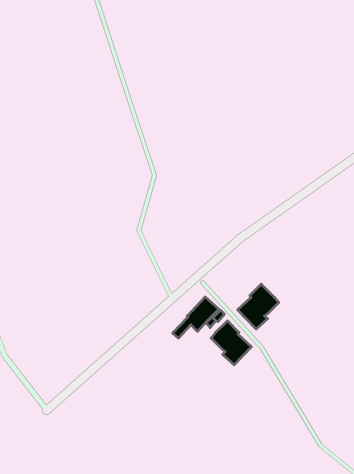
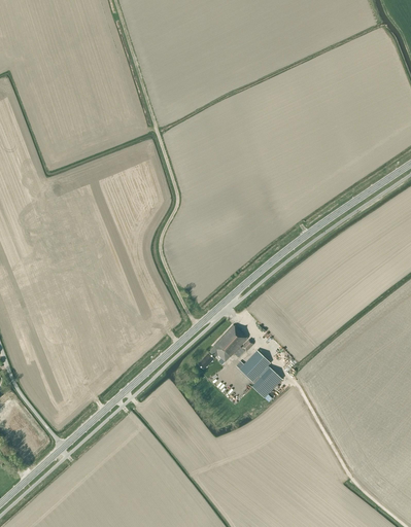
building: [238,284,279,329] -> none

